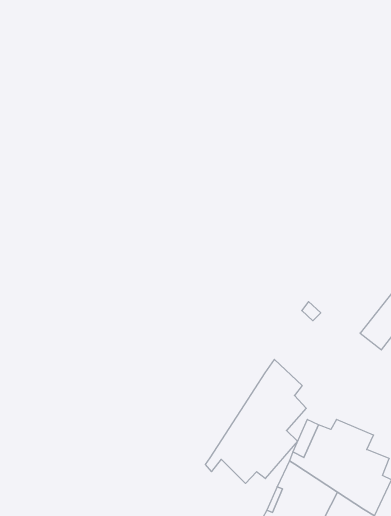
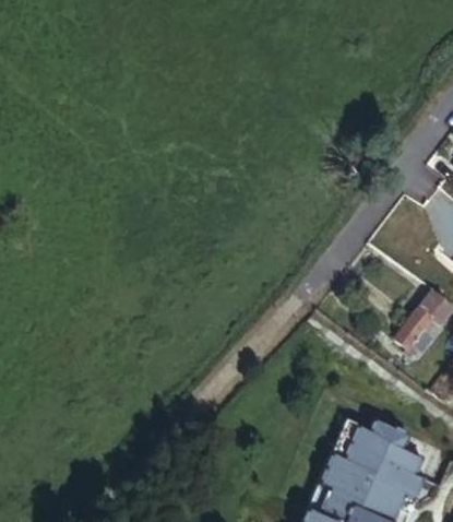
building: [205,359,306,483] -> none

